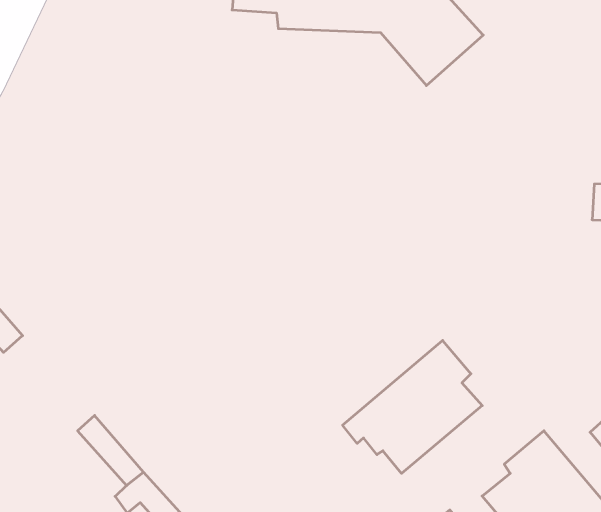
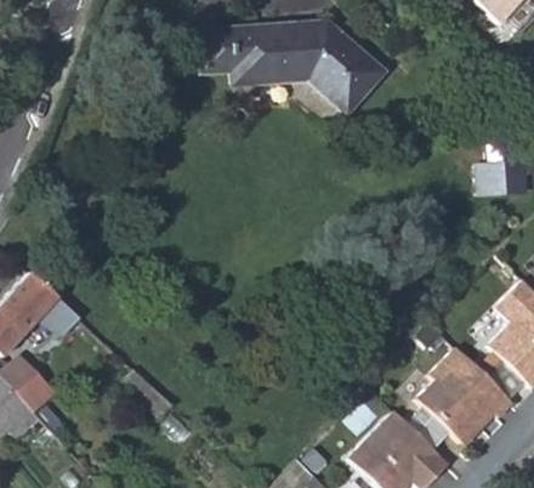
building: [343,340,482,473] -> none

